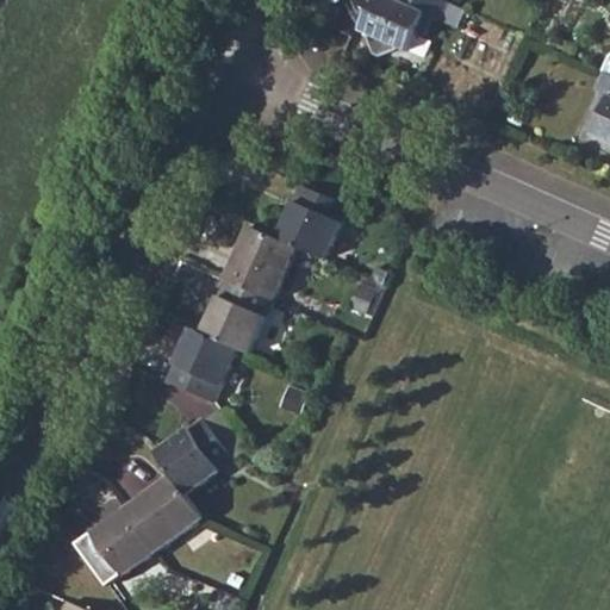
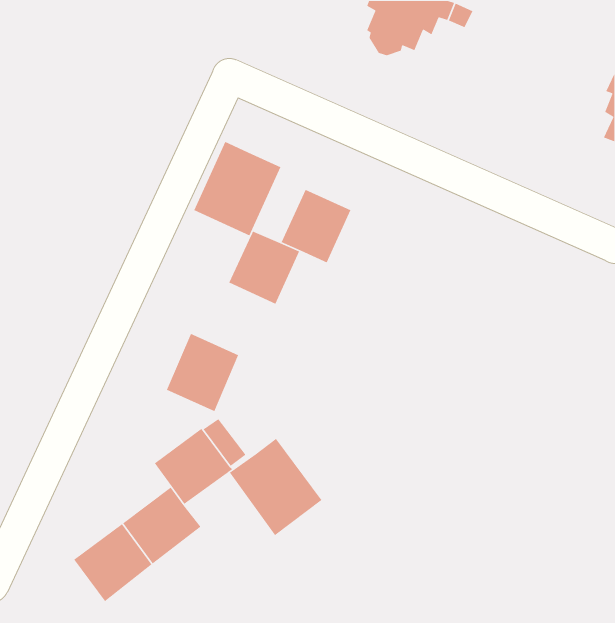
building: none -> [193,141,281,236]
building: [199,276,269,351] -> none
building: none -> [229,438,322,536]

